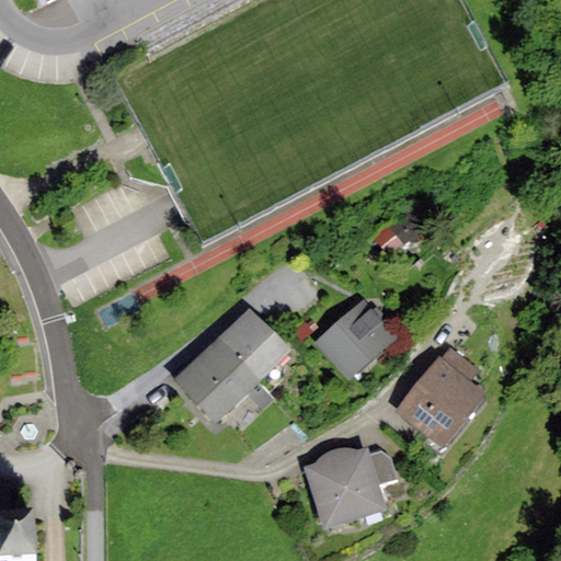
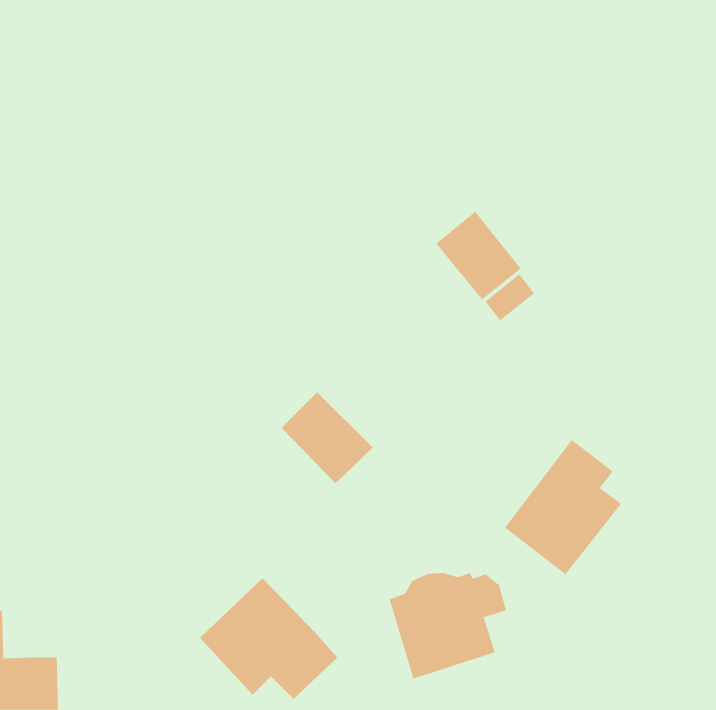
building: none -> [436,211,522,300]
building: [313,297,397,379] -> none
building: [170,334,278,430] -> [199,578,338,700]

